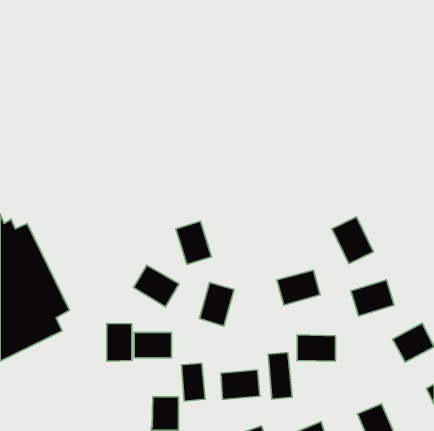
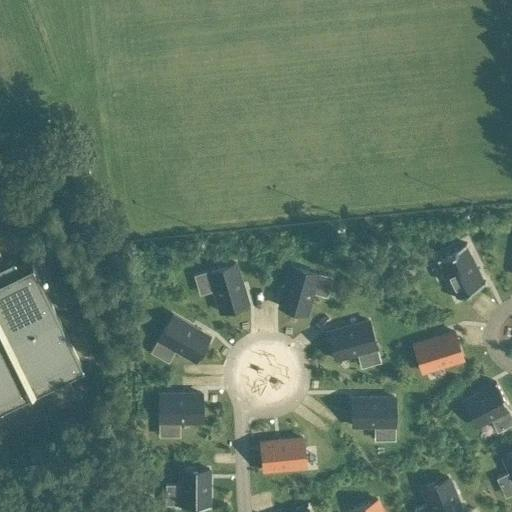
building: [332,217,374,264] -> [438,247,487,302]
building: [199,283,234,326] -> [278,267,319,318]
building: [107,324,132,361] -> none
building: [268,353,292,399] -> none
building: [181,363,205,401] -> none

